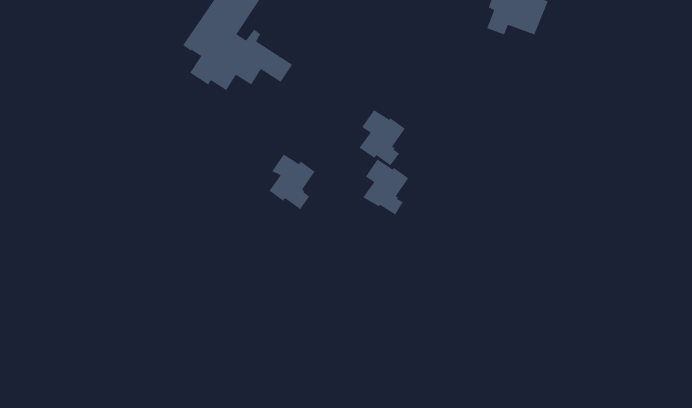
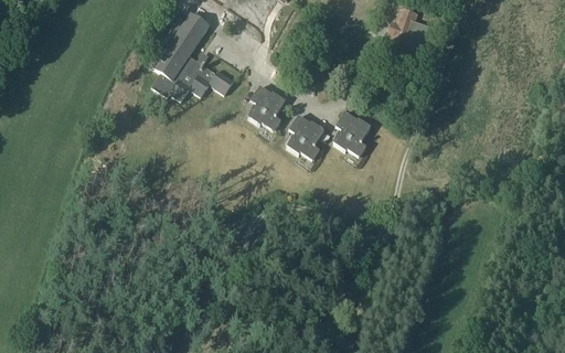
building: [268,153,316,210] -> [248,86,286,131]
building: [362,159,409,216] -> [333,111,371,157]

